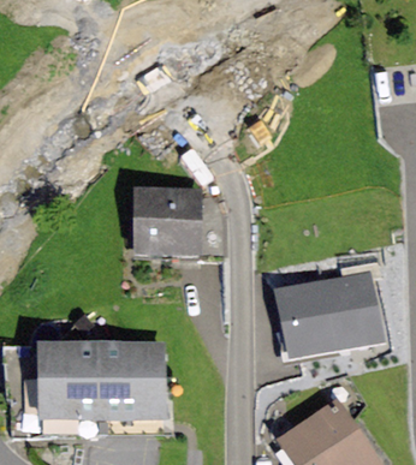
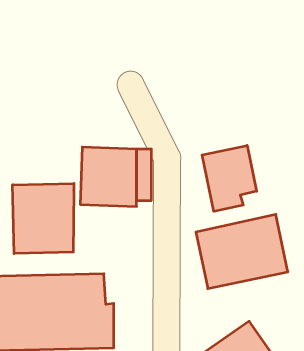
building: none -> [202,145,257,211]
building: none -> [13,183,74,254]

